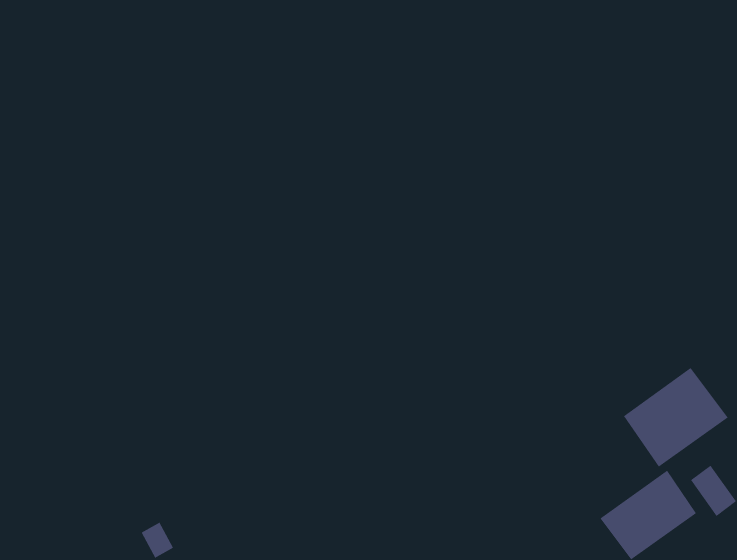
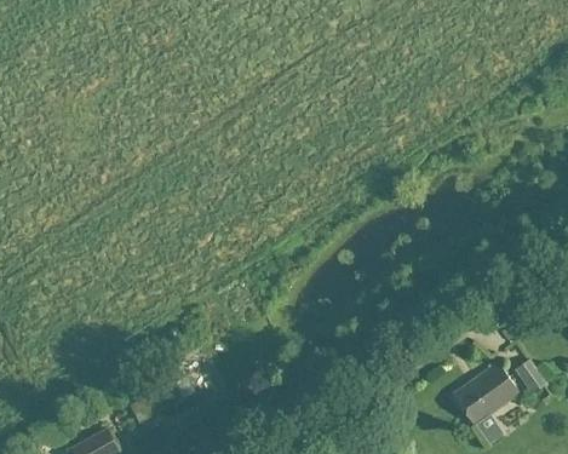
building: [623,367,729,468] -> none

